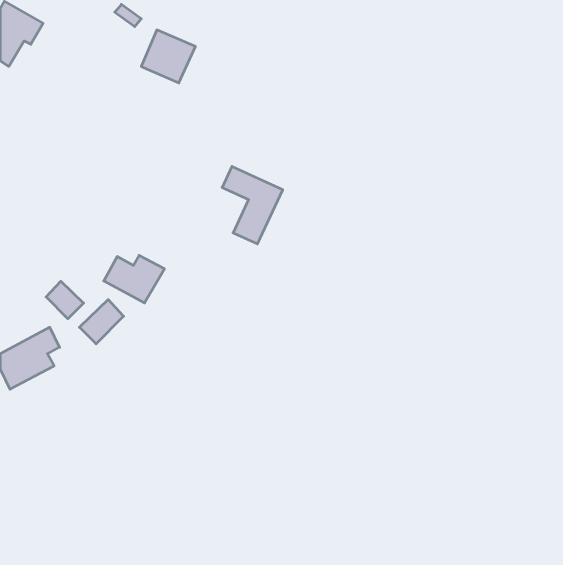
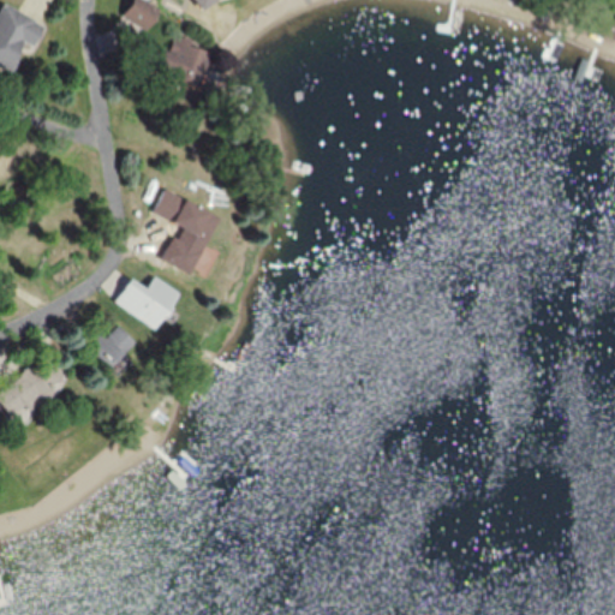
building: [222,166,283,244] -> [154,190,220,274]
building: [46,281,84,319] -> none

